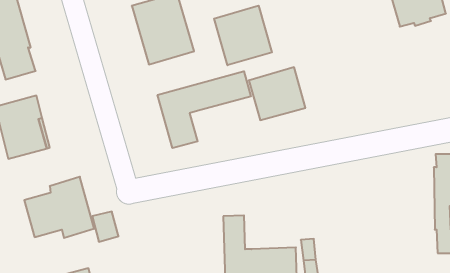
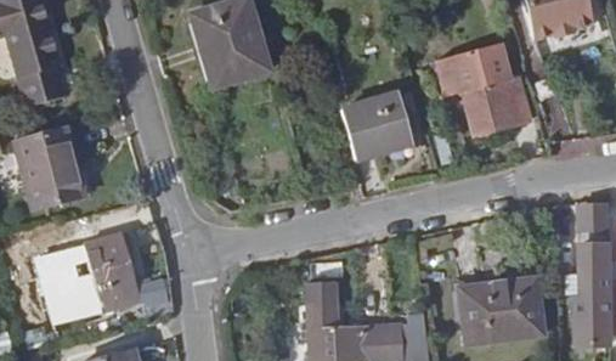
building: [214,6,272,65] -> none
building: none -> [435,43,530,135]
building: [158,71,251,148] -> none
building: none -> [458,277,544,345]

